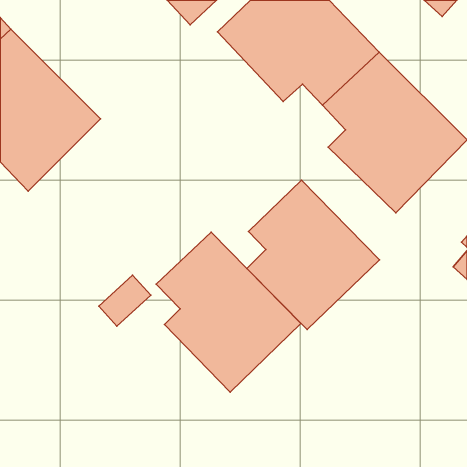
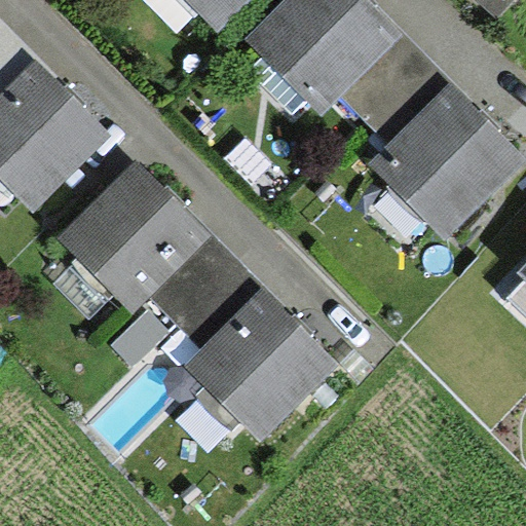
building: none -> [57,158,237,320]
building: [247,180,379,329] -> none

